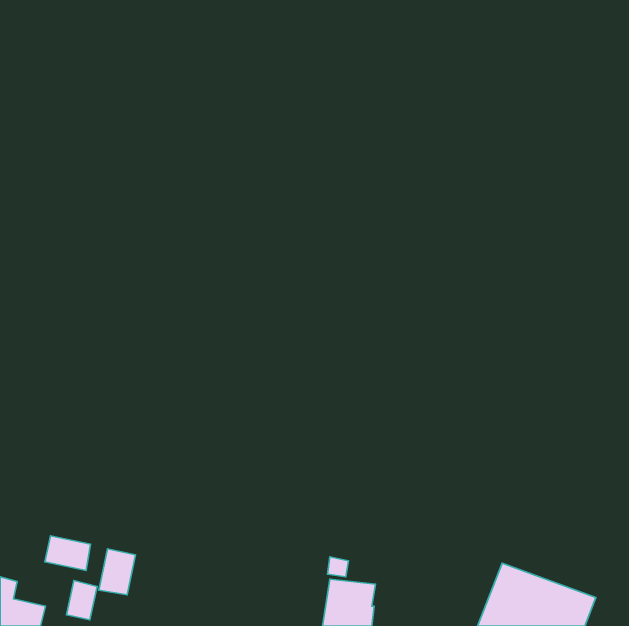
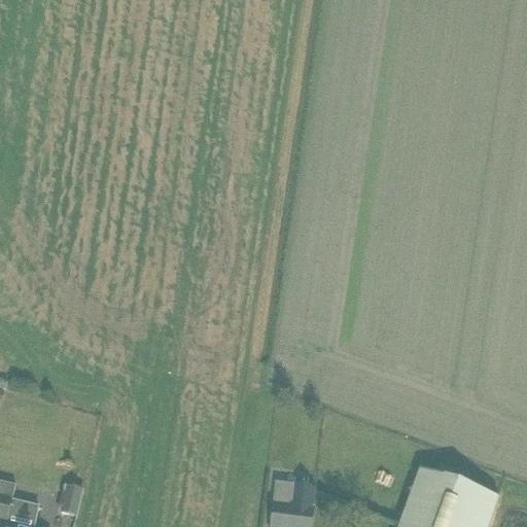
building: [45,536,90,571] -> none
building: [99,549,135,595] -> none

